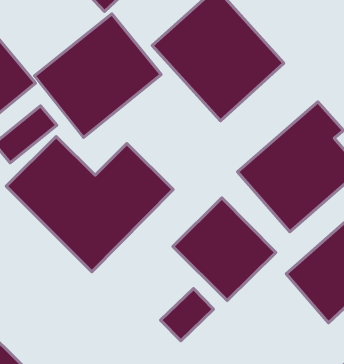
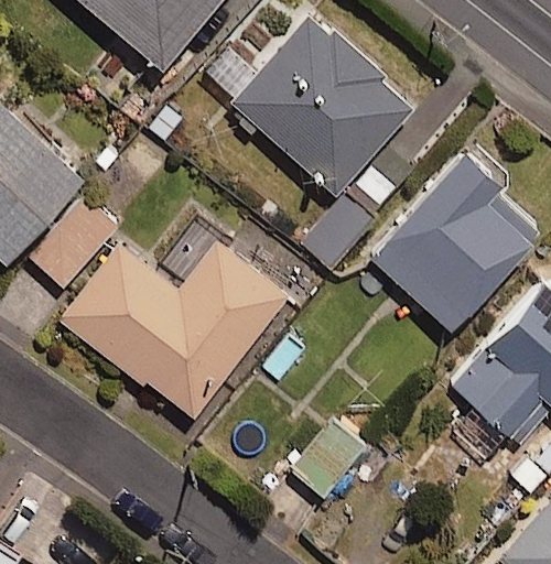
building: [34,14,161,137] -> none
building: [173,198,276,301] -> none

